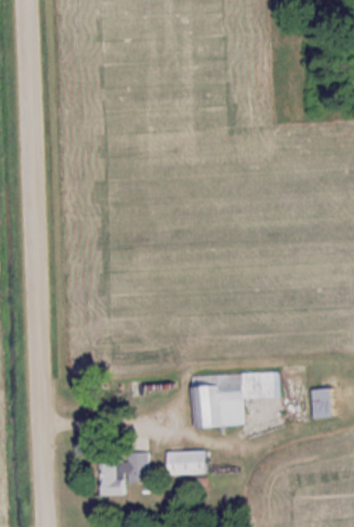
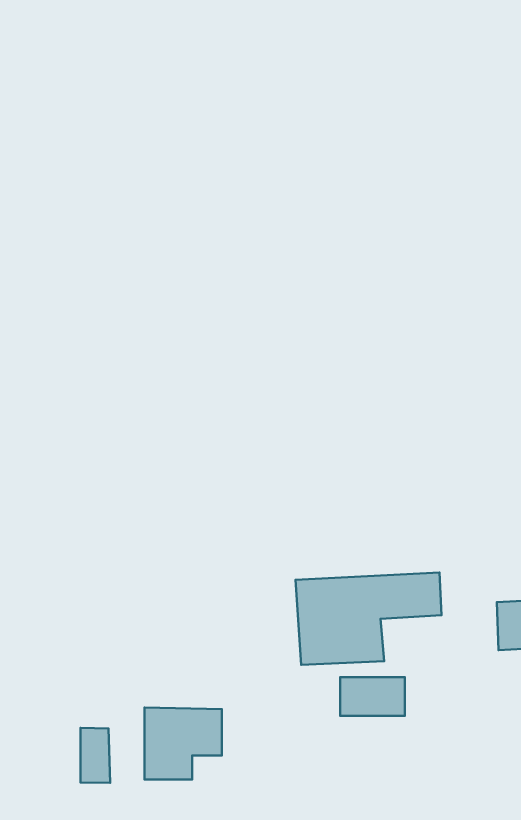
building: [169,452,207,475] -> [340,677,405,716]
building: none -> [80,728,110,783]

